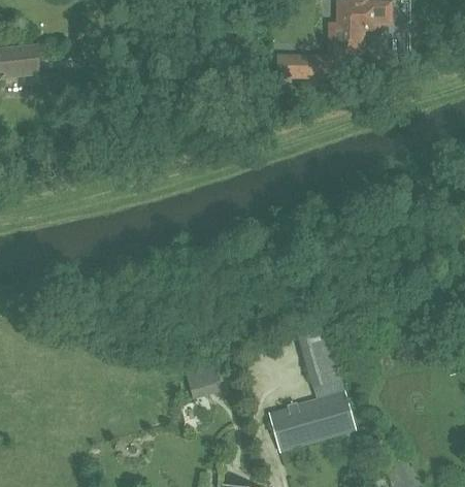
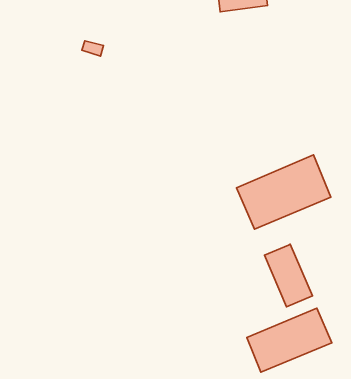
building: none -> [237,155,331,229]
building: [186,365,219,397] -> none

